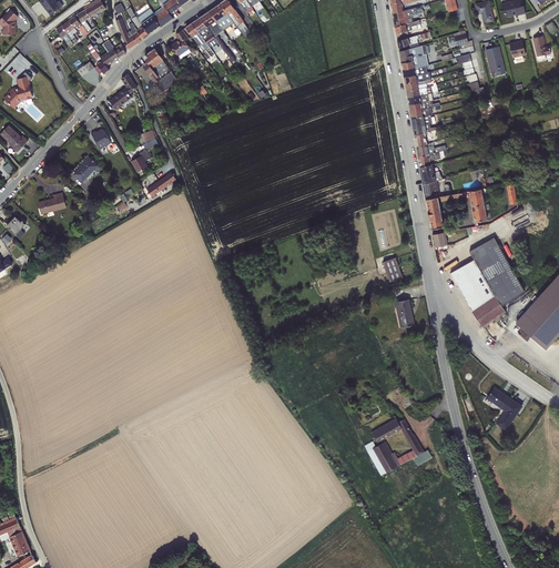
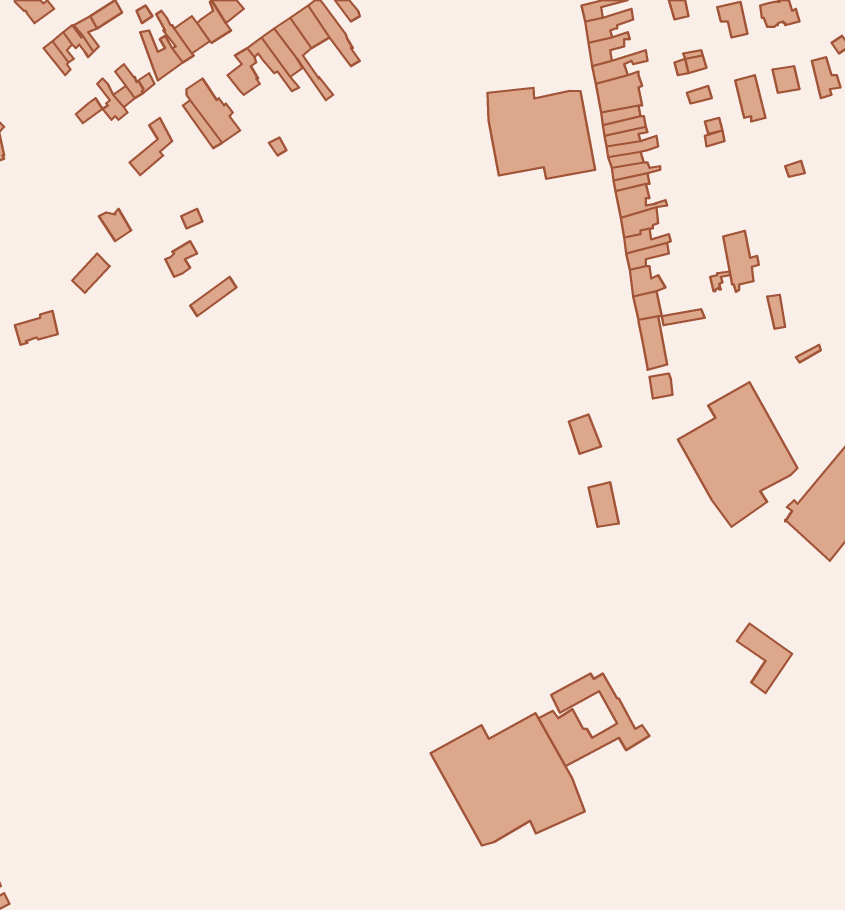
building: none -> [488,88,595,179]
building: [468,189,490,226] -> [723,231,759,292]
building: none -> [431,713,585,846]

